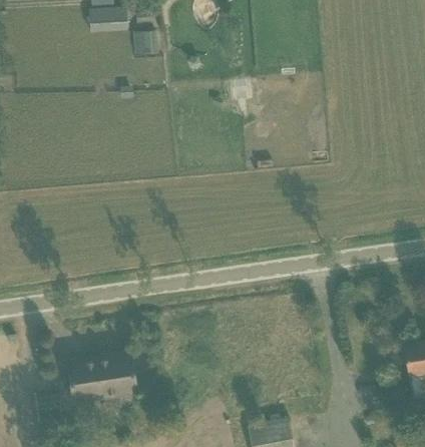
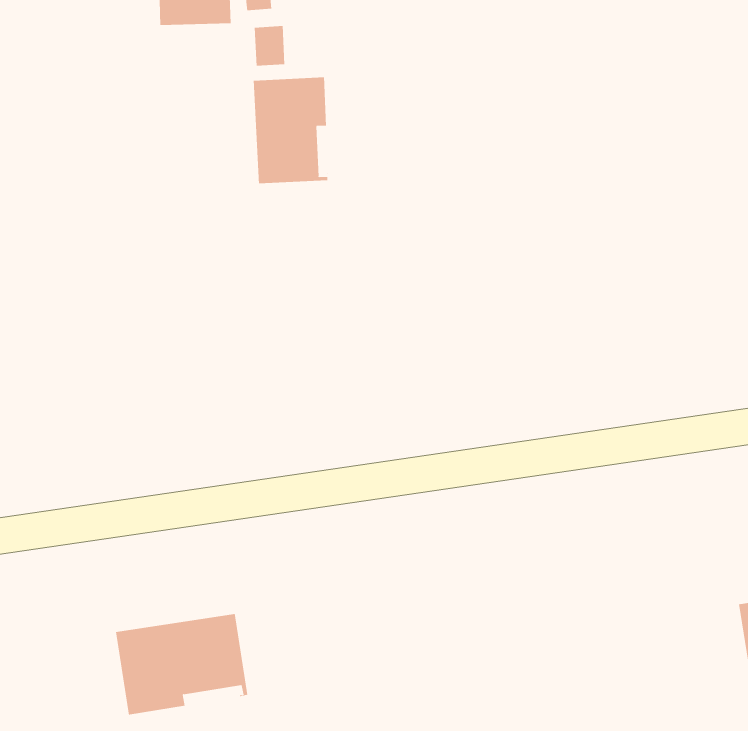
building: none -> [253,77,328,184]

